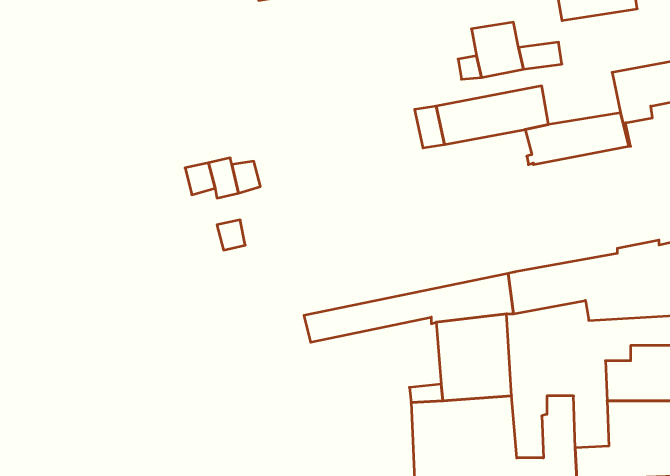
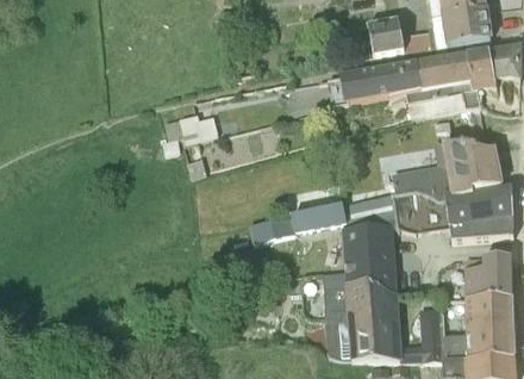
building: none -> [432,12,491,51]
building: none -> [418,57,474,94]
building: none -> [395,139,501,199]

